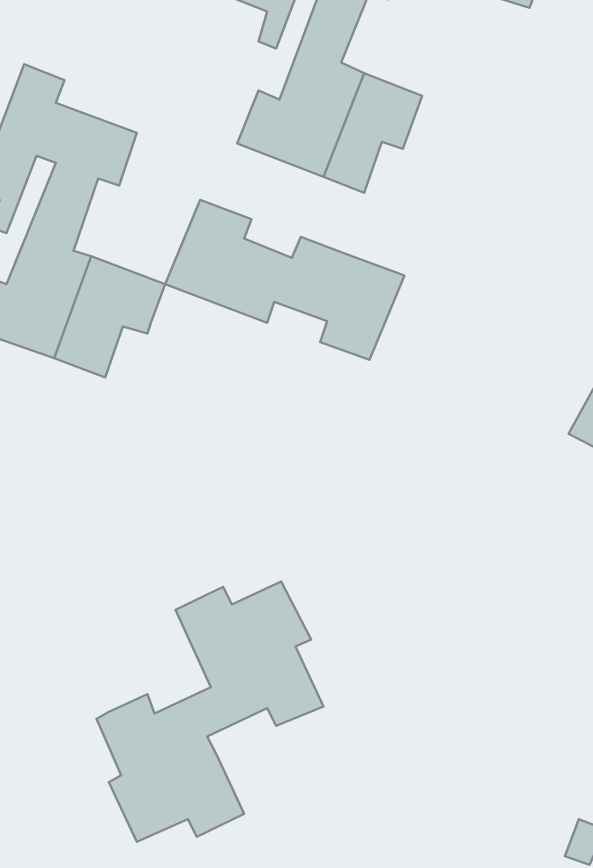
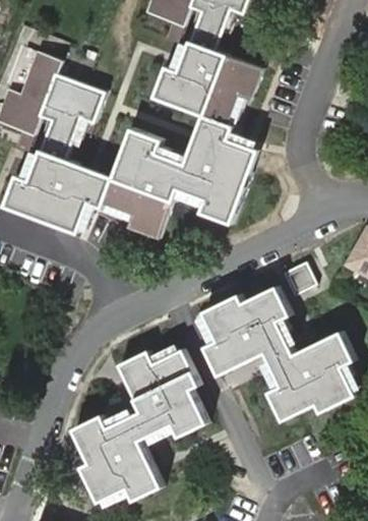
building: none -> [191,117,259,174]
building: none -> [105,179,172,235]
building: none -> [202,289,353,420]

